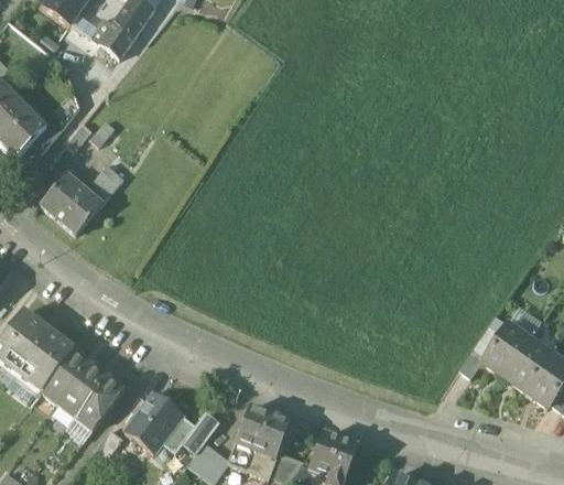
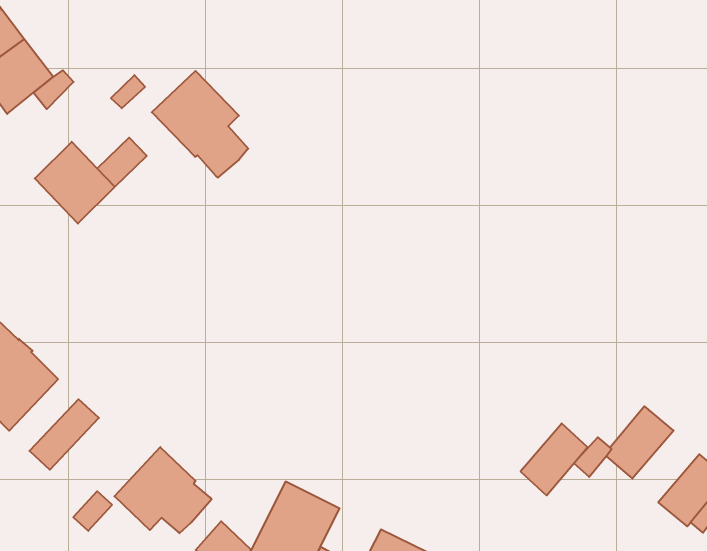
building: none -> [152,71,248,178]
building: [502,337,550,391] -> [521,423,588,495]
building: [41,348,89,403] -> none
building: [74,374,123,429] -> none
building: [182,411,218,453] -> none

